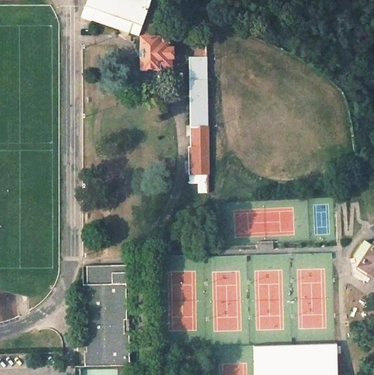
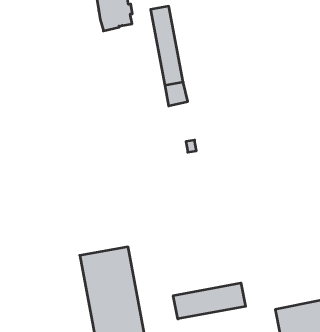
building: [188,144,208,173] -> none
building: none -> [173,283,246,319]

